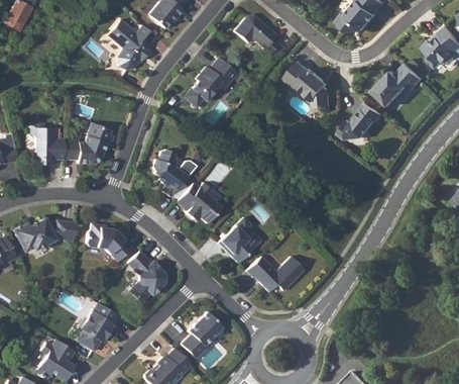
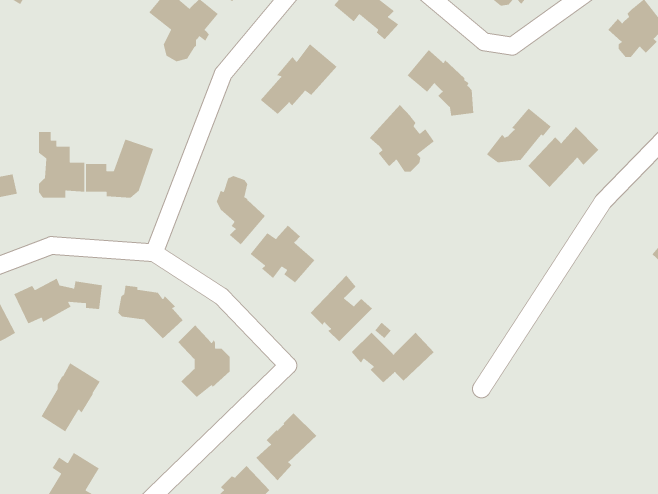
building: [374,63,424,105] -> [527,126,599,188]
building: none -> [369,104,435,173]
building: [77,302,118,351] -> [41,362,101,433]

